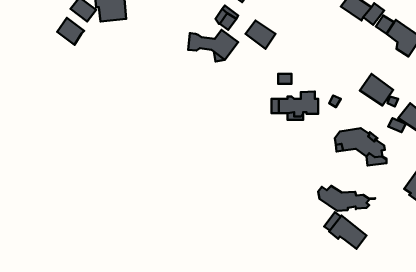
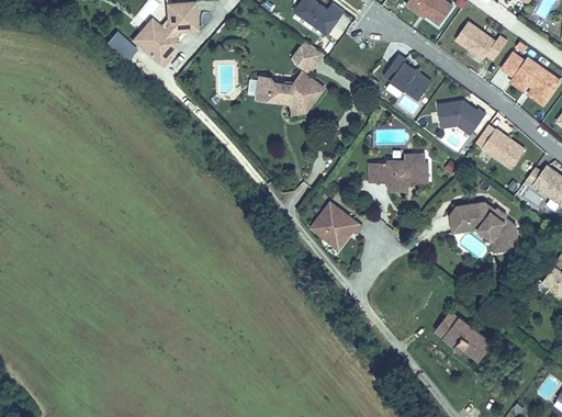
building: [57,18,84,45] -> none
building: [246,21,276,49] -> [392,64,431,101]
building: none -> [437,102,483,133]
building: none -> [306,199,359,250]
building: [318,186,375,211] -> none

